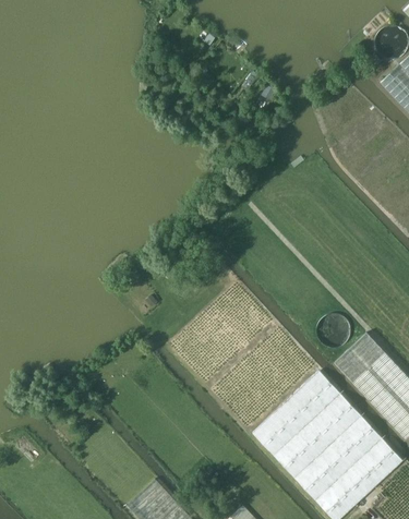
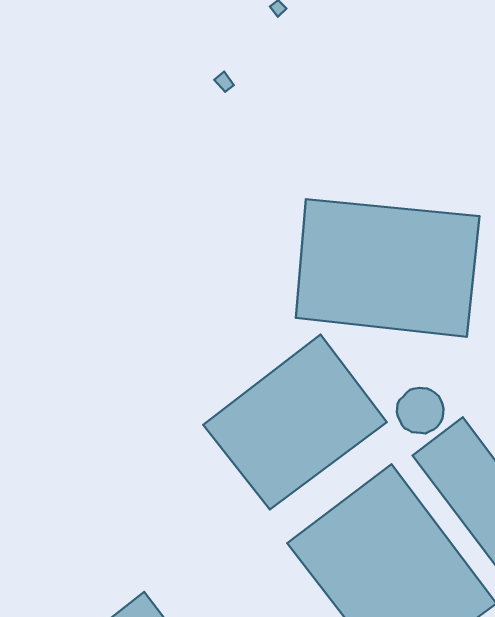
building: none -> [296,199,479,337]
building: none -> [203,335,387,510]

